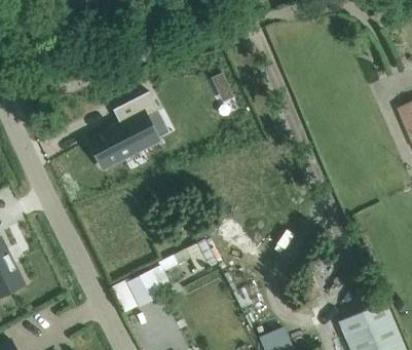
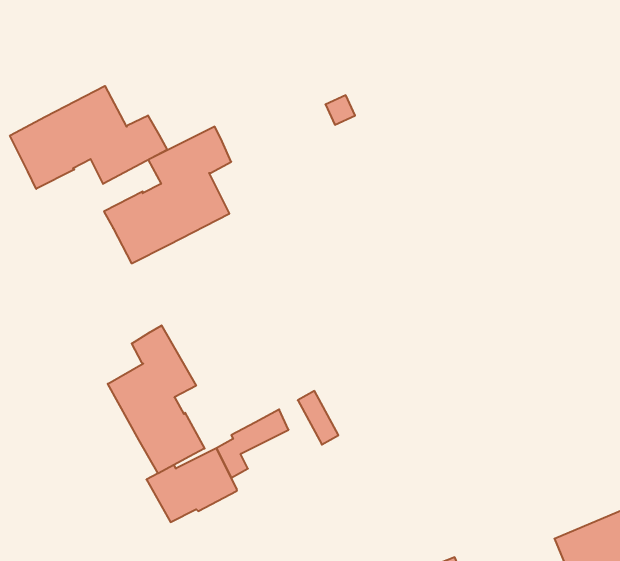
building: none -> [10,86,167,189]
building: none -> [108,325,205,473]

